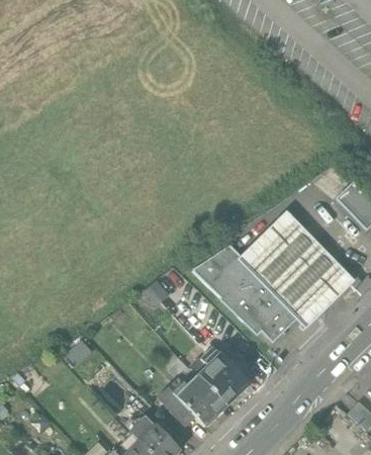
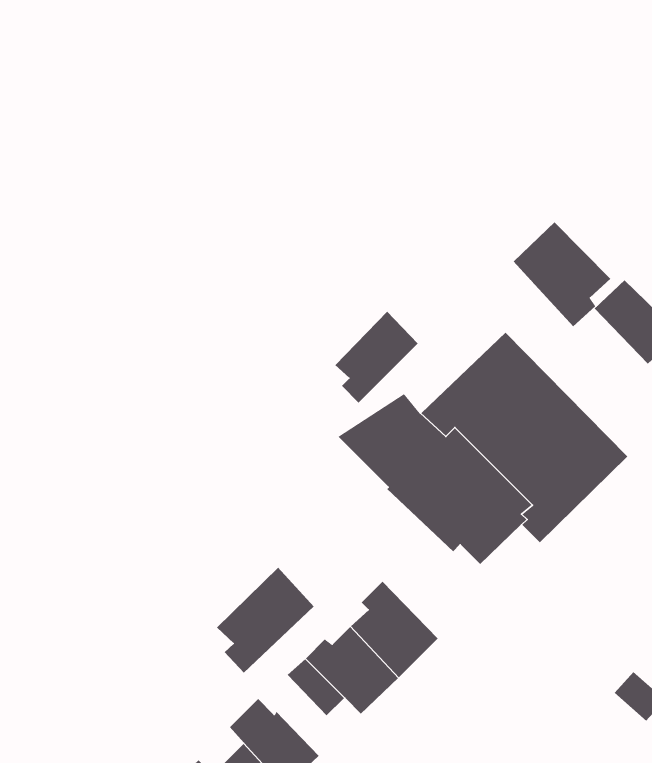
building: none -> [513,221,611,327]
building: none -> [334,311,418,404]
building: none -> [216,567,314,674]

